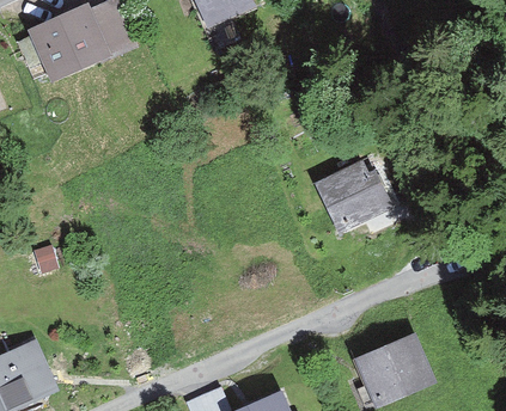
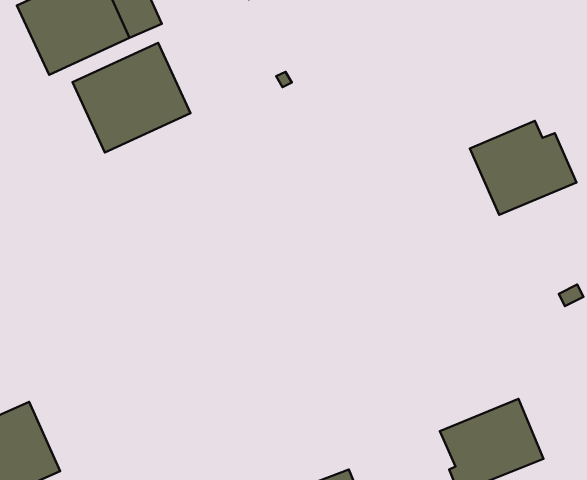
building: none -> [73,43,190,152]
building: [313,161,396,234] -> [470,121,576,215]

